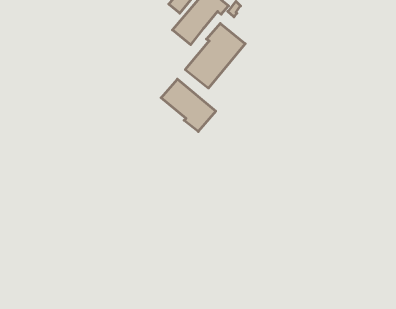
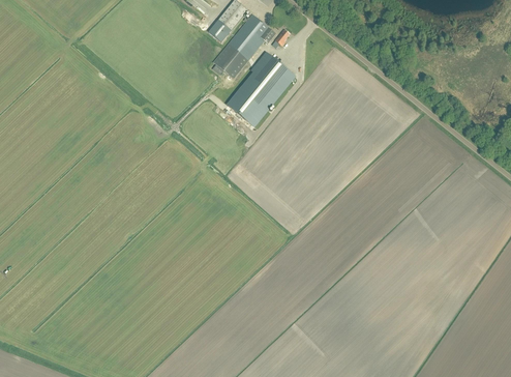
building: [161,79,216,132] -> none

